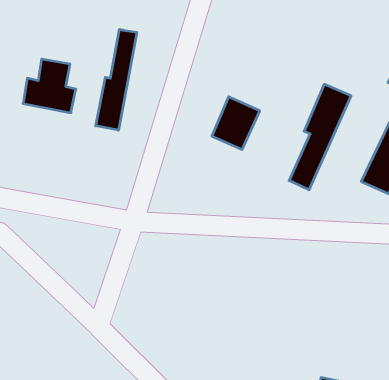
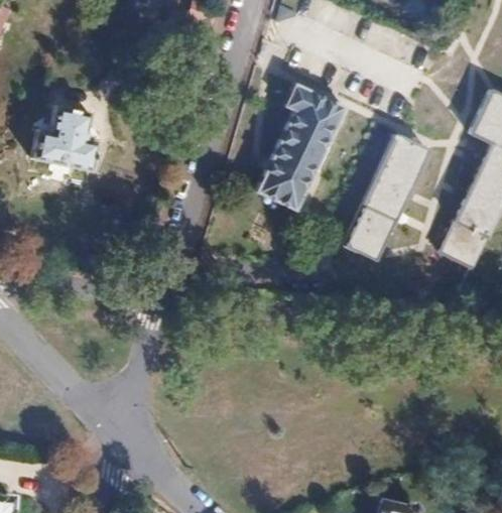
building: [96,29,137,130] -> none
building: none -> [279,90,341,166]

